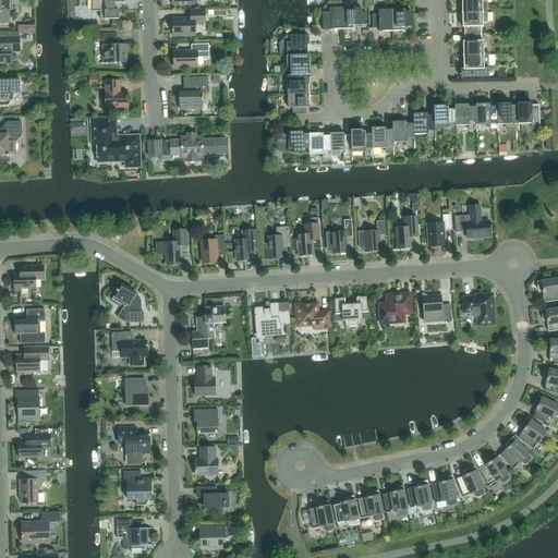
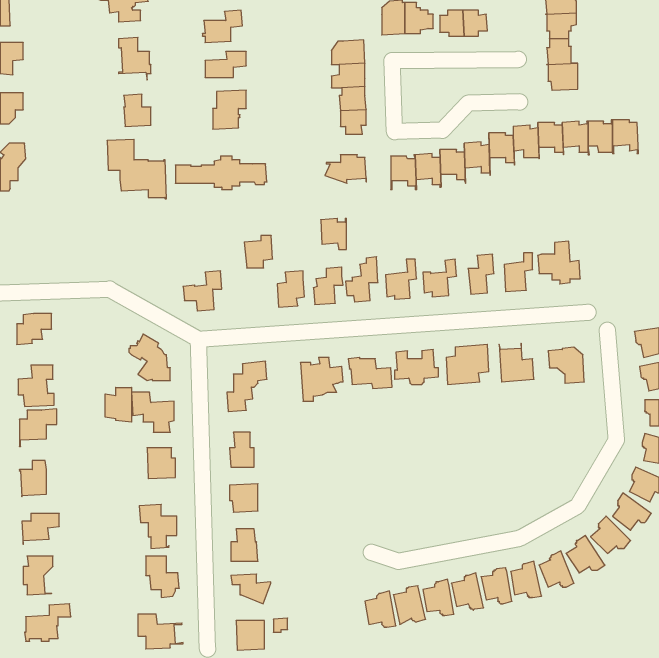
building: [308,132,330,158] -> [321,218,346,249]
building: [201,234,225,262] -> [244,236,273,268]
building: none -> [105,387,132,422]

